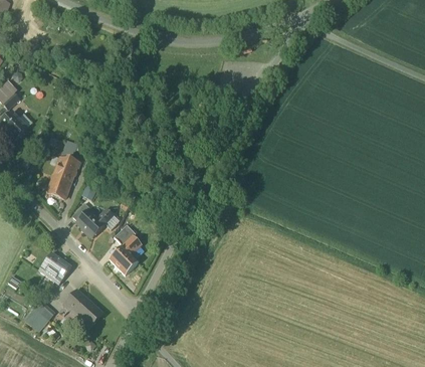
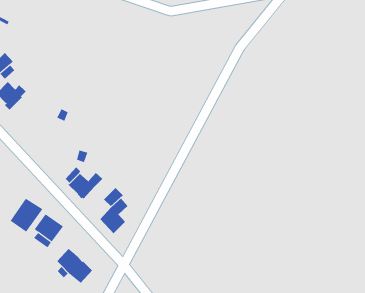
building: [48,159,76,198] -> none
building: none -> [10,198,43,233]
building: [26,301,55,330] -> none

